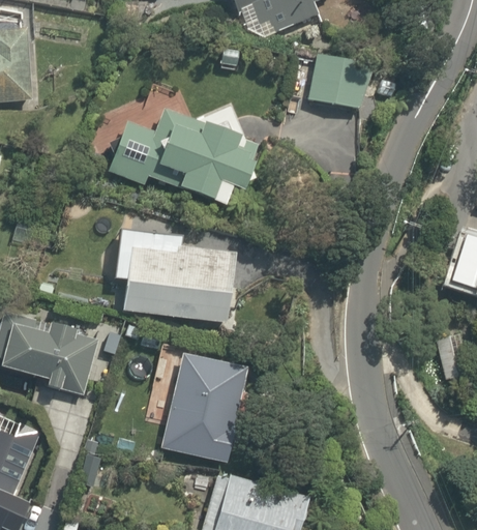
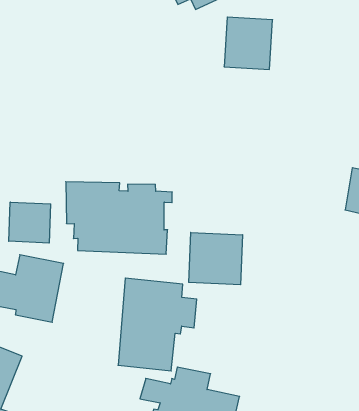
building: [110,105,258,208] -> none
building: none -> [9,202,51,243]
building: none -> [189,232,243,285]

